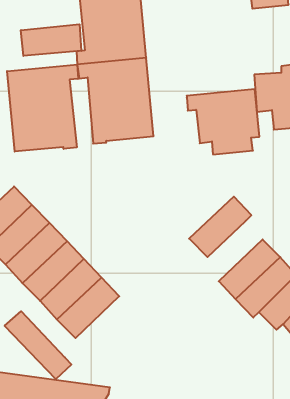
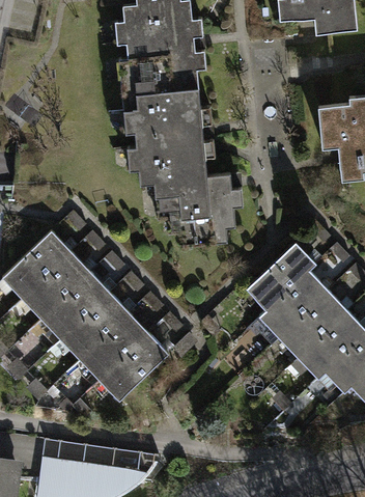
building: [21,24,81,56] -> none
building: [7,64,78,152] -> none
building: [187,89,259,154] -> [153,173,234,246]
building: none -> [259,270,328,337]
building: [5,311,71,379] -> none

